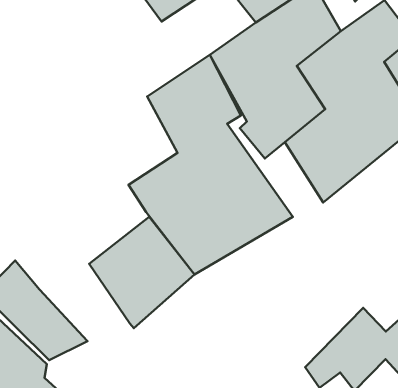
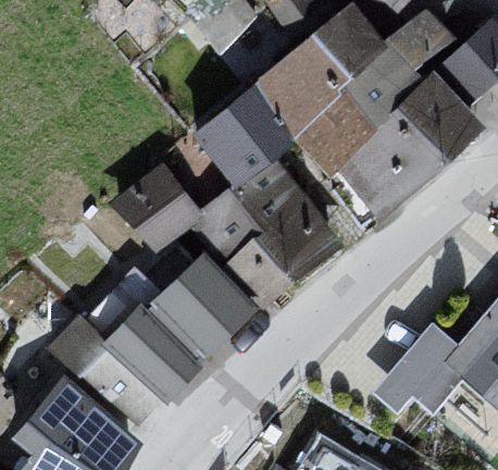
building: none -> [110,161,201,249]
building: none -> [104,296,199,395]

